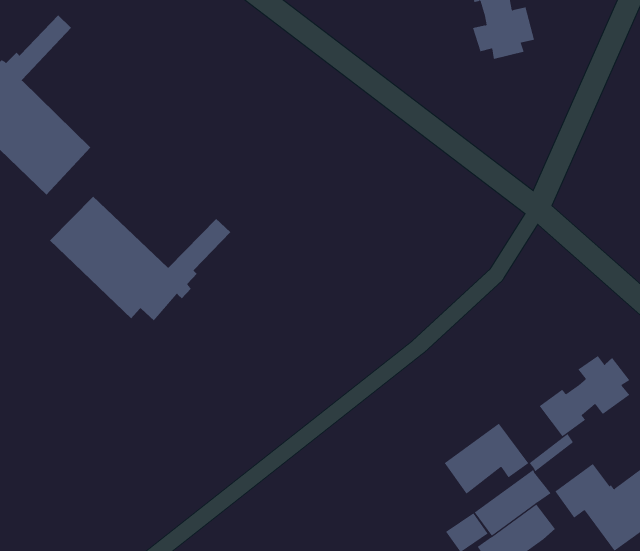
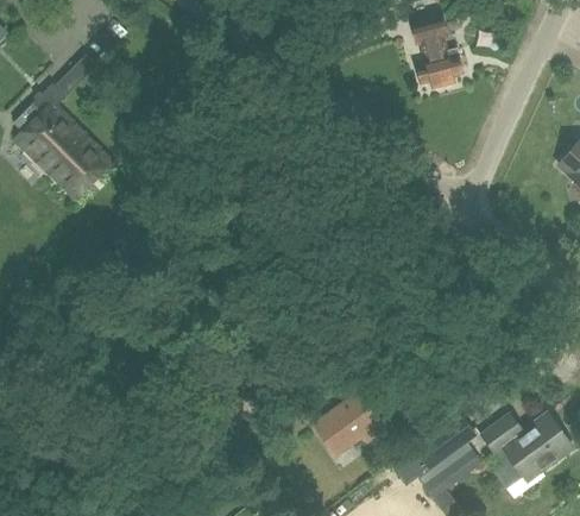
building: [49,196,231,321] -> none
building: [539,355,630,437] -> none
building: [444,423,529,494] -> [316,398,384,455]

